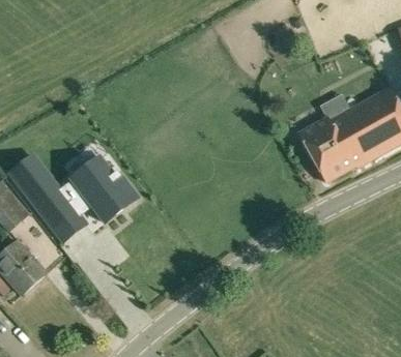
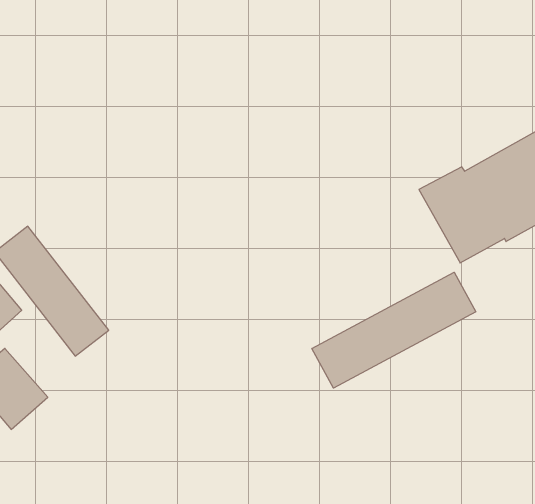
building: [73,161,139,226] -> none
building: none -> [312,272,476,388]

